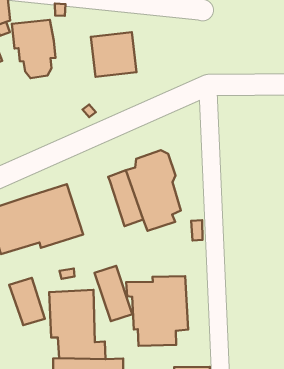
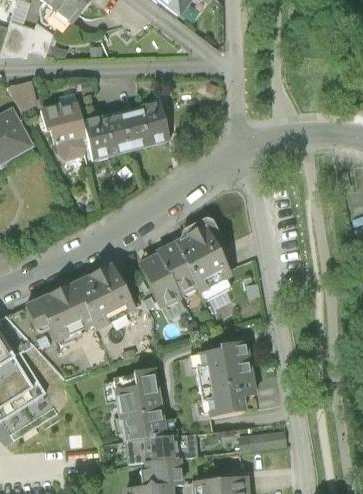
building: none -> [83,110,130,159]
building: [95,266,133,321] -> [137,254,181,311]
building: [9,278,45,325] -> none

